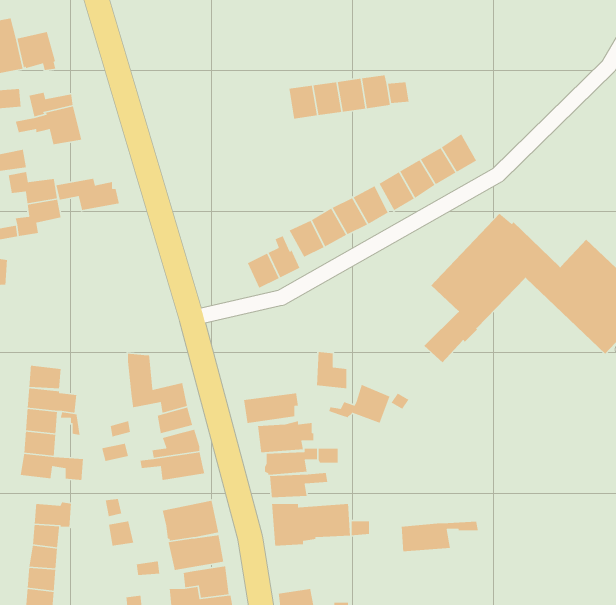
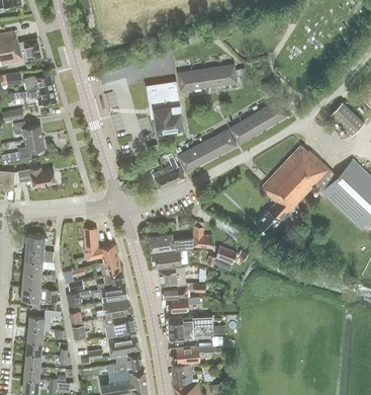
building: none -> [146,80,183,136]
building: none -> [331,101,364,135]
building: [56,178,120,211] -> [18,167,56,186]
building: none -> [147,234,192,252]
building: none -> [102,300,131,317]
building: [401,521,479,552] -> [170,345,215,364]

